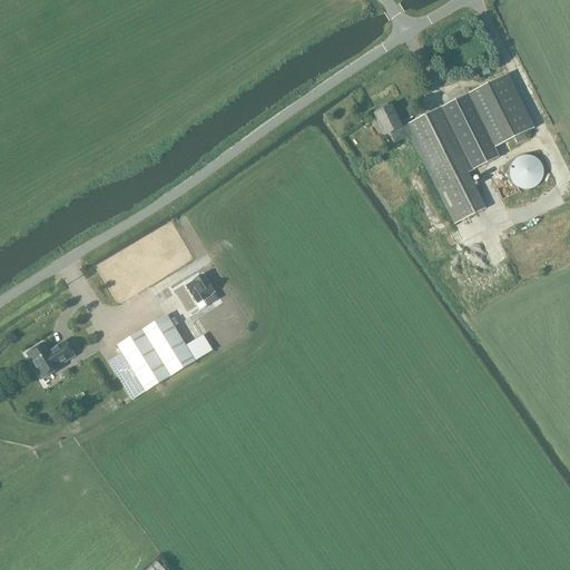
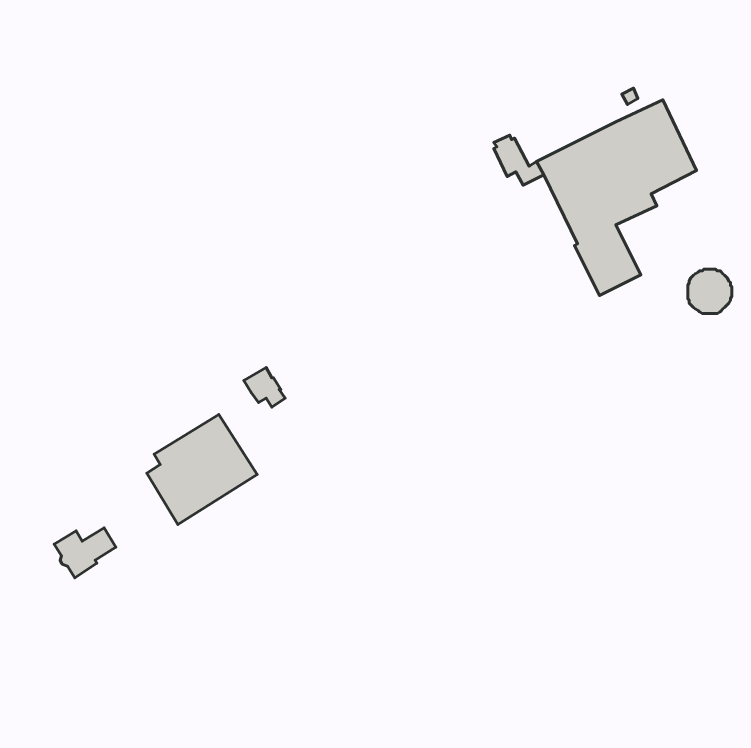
building: [510,154,543,187] -> [688,269,732,313]
building: [27,340,73,377] -> [54,528,116,578]

